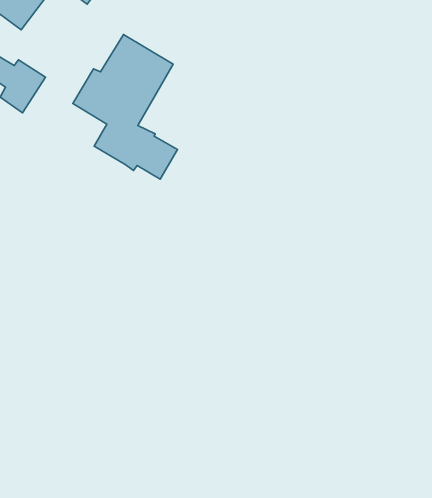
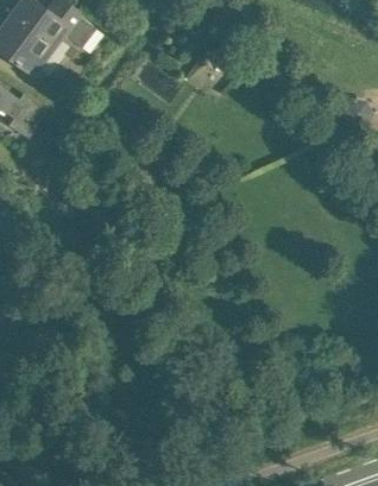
building: [73,34,177,179] -> none

